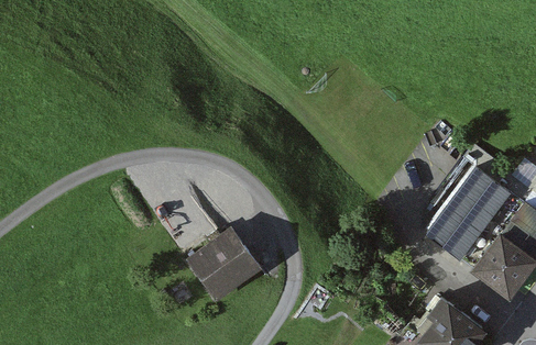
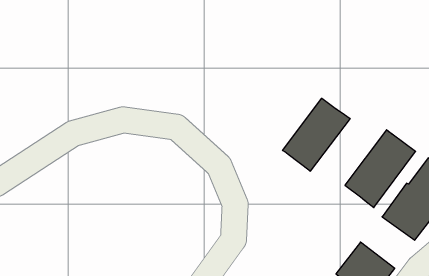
building: none -> [283,98,350,171]
building: [187,230,260,301] -> none

